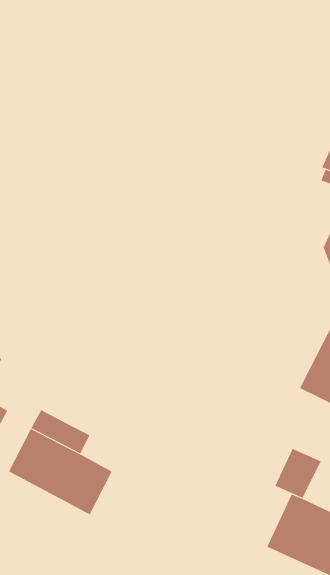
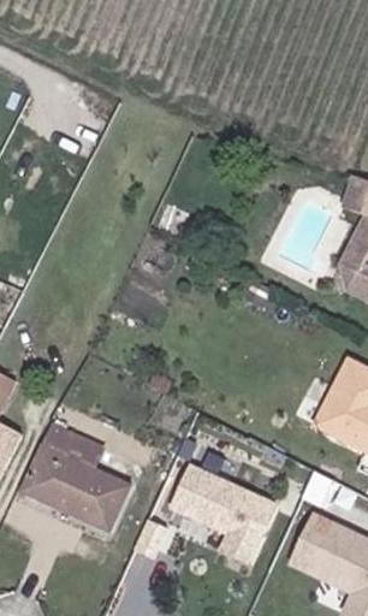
building: none -> [170,468,274,567]

